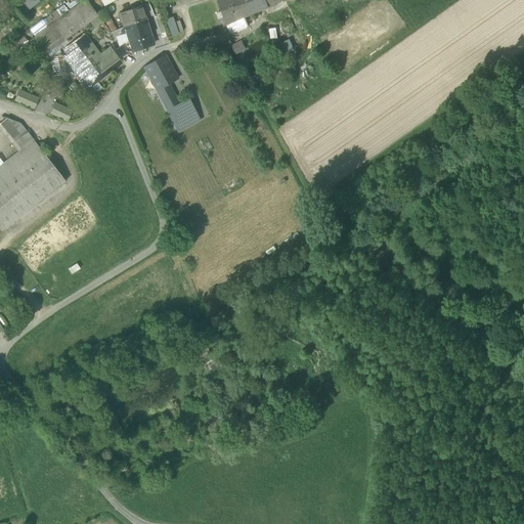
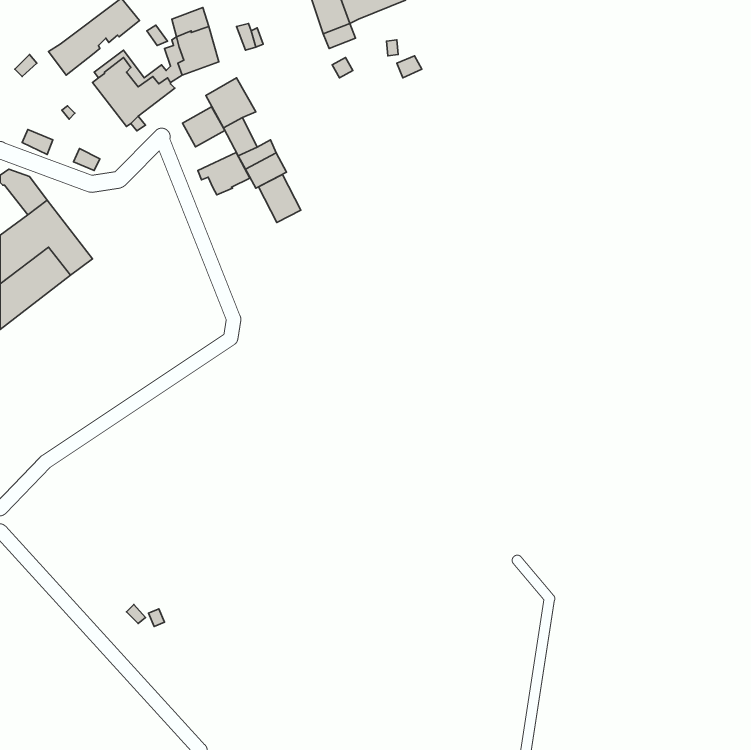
building: none -> [182,107,225,147]
building: none -> [198,152,250,195]
building: none -> [258,175,301,222]

